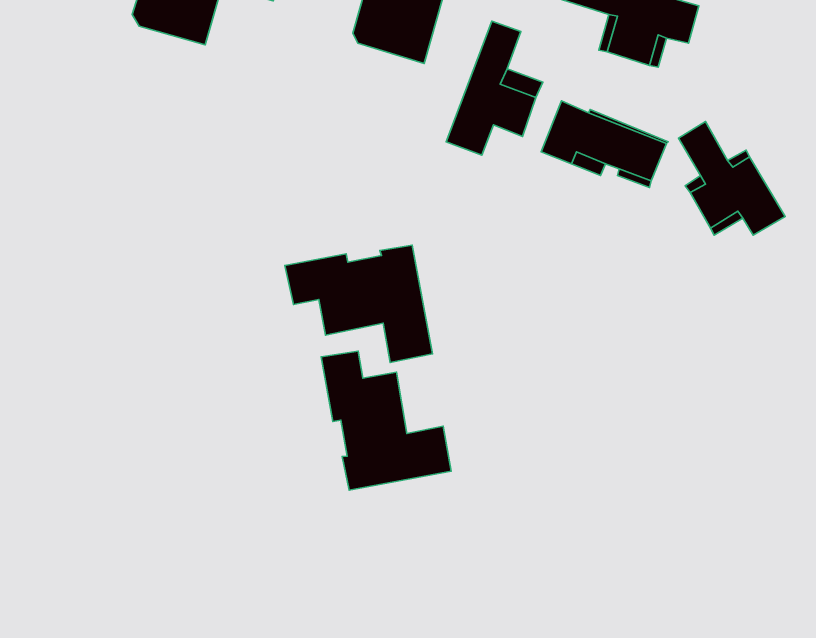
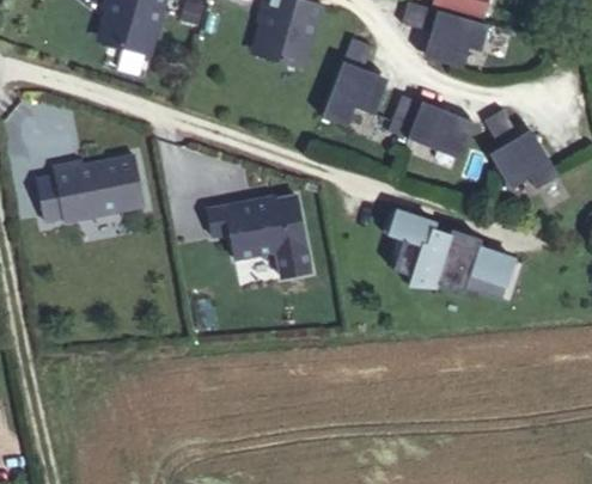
building: none -> [36,154,145,220]
building: none -> [383,208,524,301]
building: [321,351,451,490] -> none

